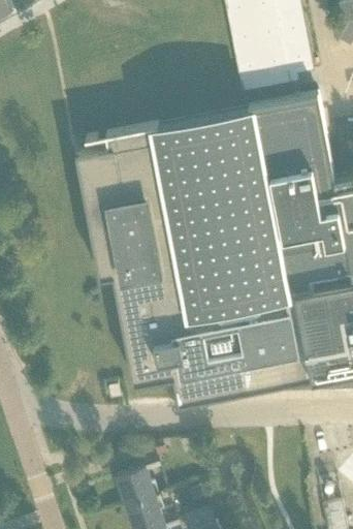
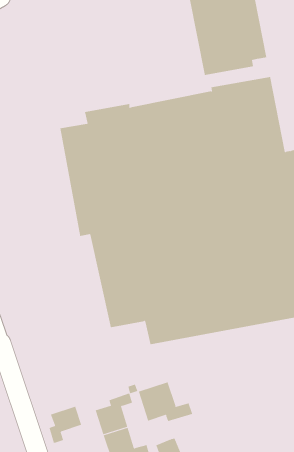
building: none -> [138,382,193,422]
building: none -> [49,406,82,444]

